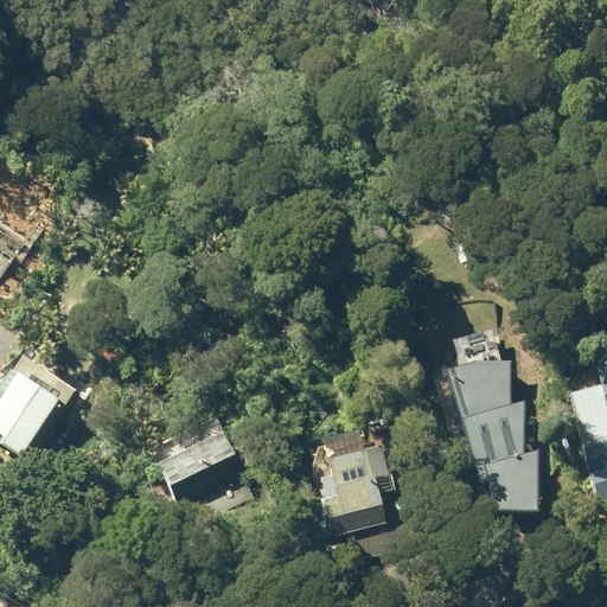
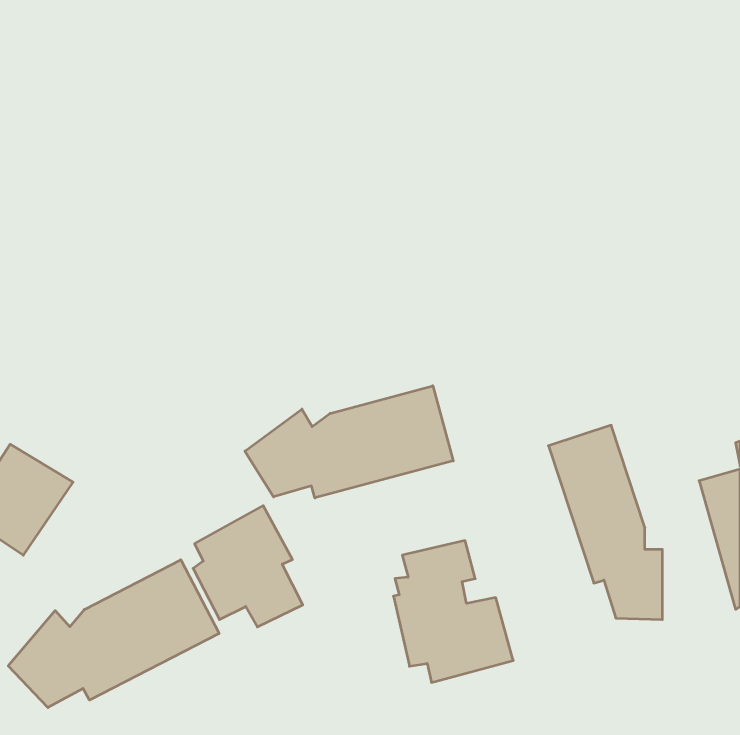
building: none -> [245,386,453,498]
building: none -> [8,560,219,708]

